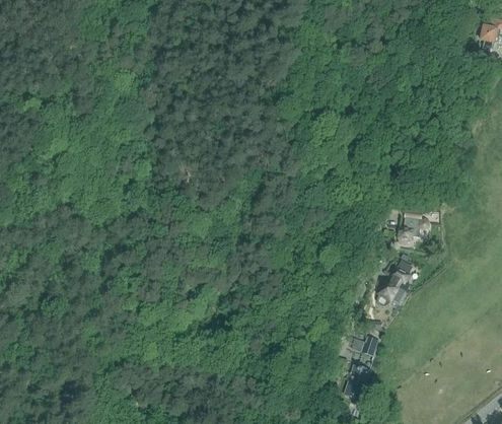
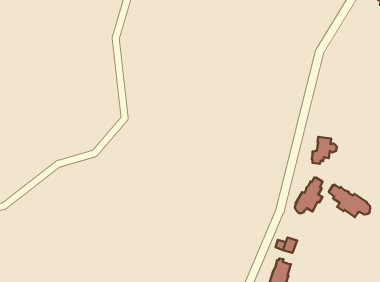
building: none -> [329,185,370,217]

